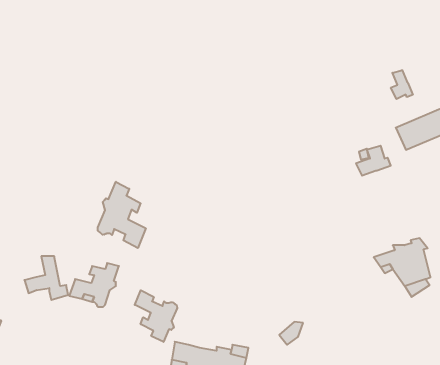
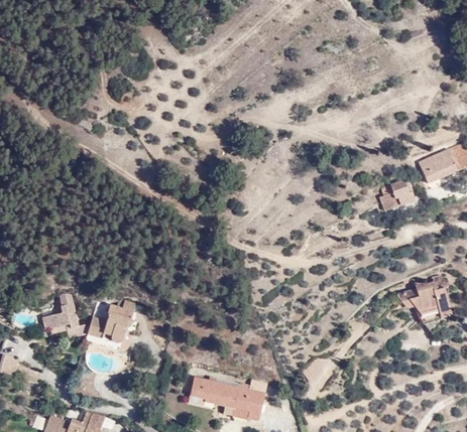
building: [391,70,413,99] -> none
building: [98,182,146,248] -> none
building: [135,290,177,342] -> none

